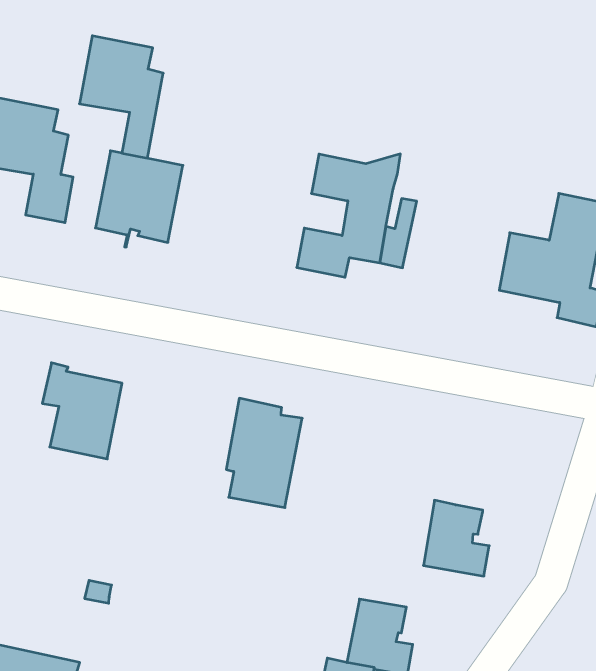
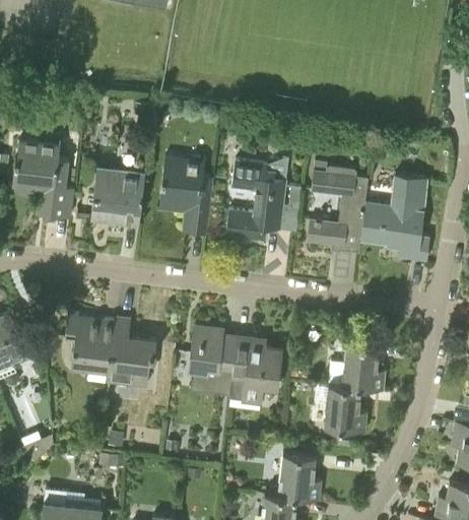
building: [79,36,163,158] -> [159,156,213,235]
building: none -> [307,167,367,253]
building: none -> [109,318,156,386]
building: none -> [229,336,281,403]
building: none -> [328,343,385,391]

